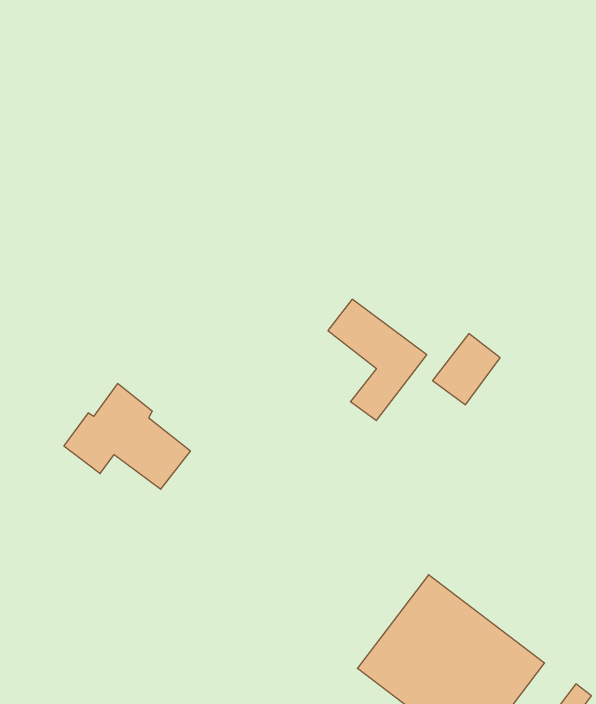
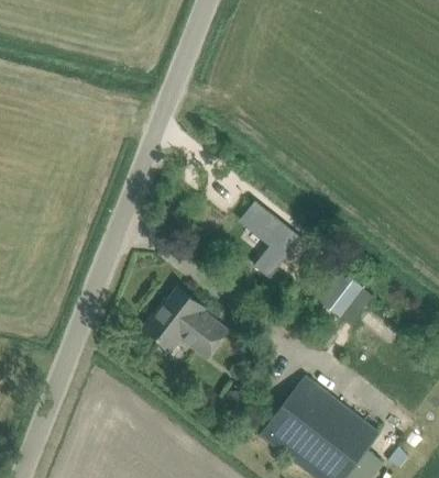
building: [433,334,500,405] -> [320,273,363,318]
building: [64,384,190,489] -> [145,289,226,356]

